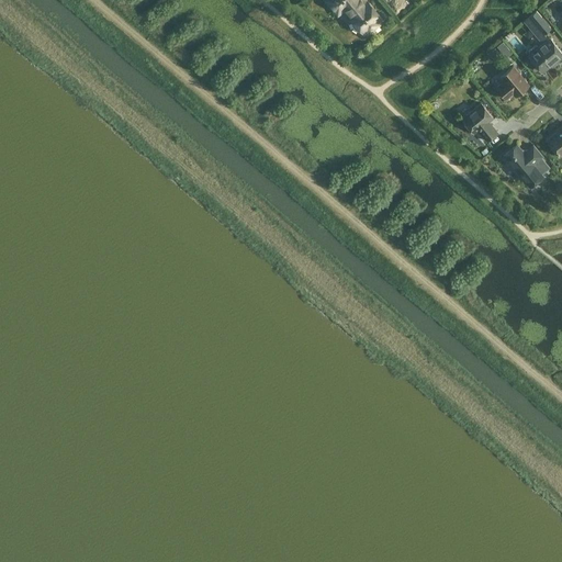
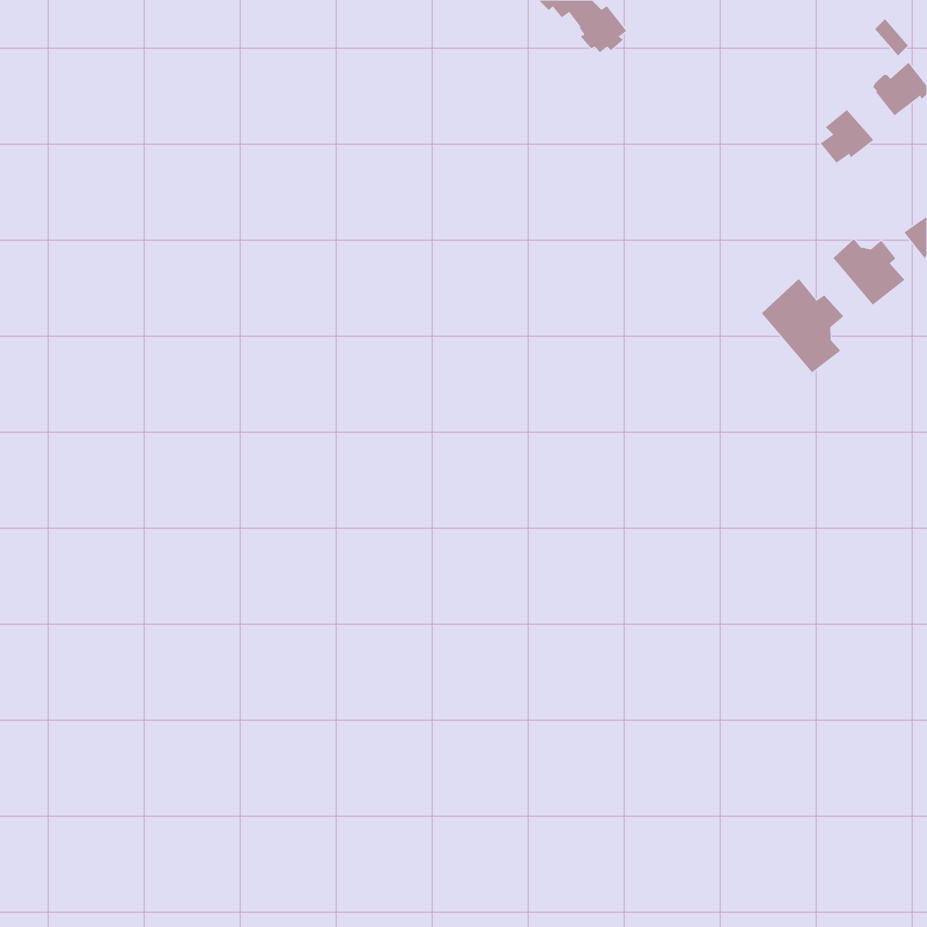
building: [461,104,496,142] -> none
building: none -> [761,278,844,373]

